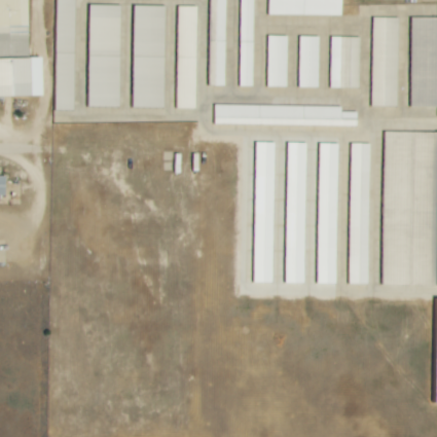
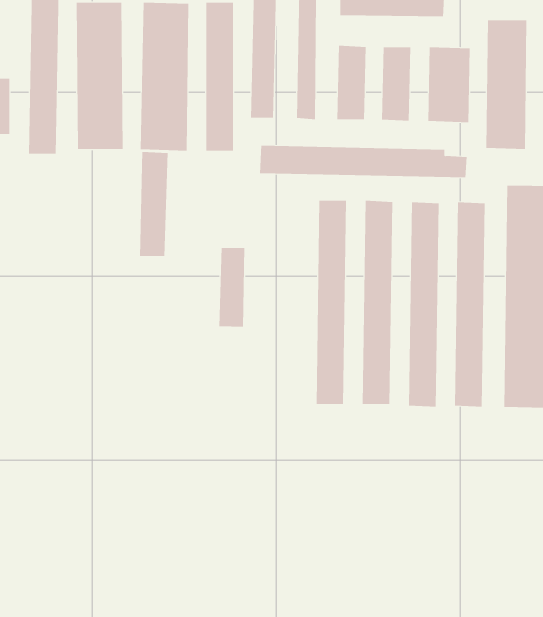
building: none -> [140,151,168,257]
building: none -> [219,247,245,328]

